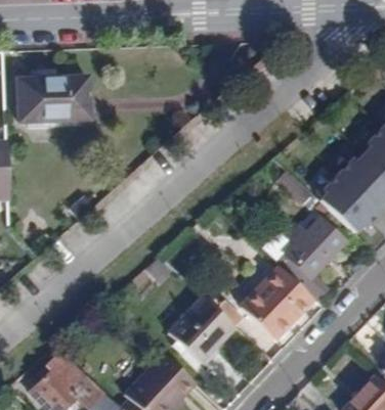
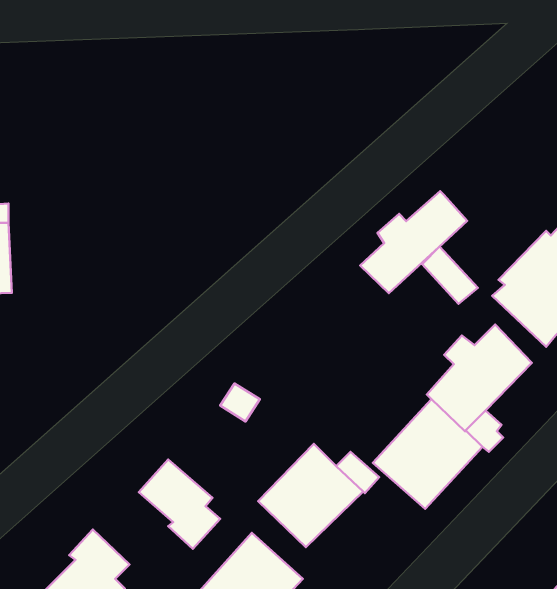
building: [15,75,89,122] -> none
building: none -> [360,191,467,293]
building: none -> [139,459,220,549]

